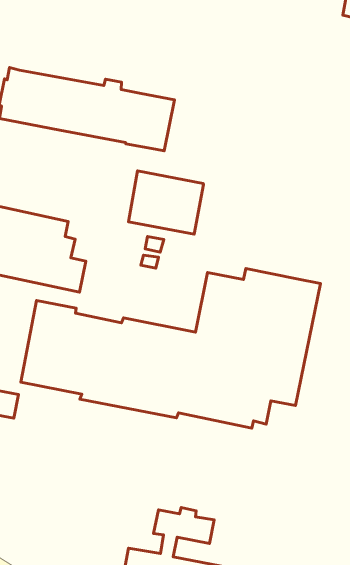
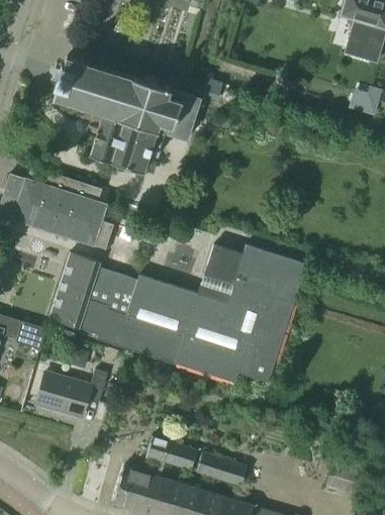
building: [128,171,203,234] -> [92,114,158,172]
building: none -> [37,371,108,418]
building: none -> [197,454,248,487]

